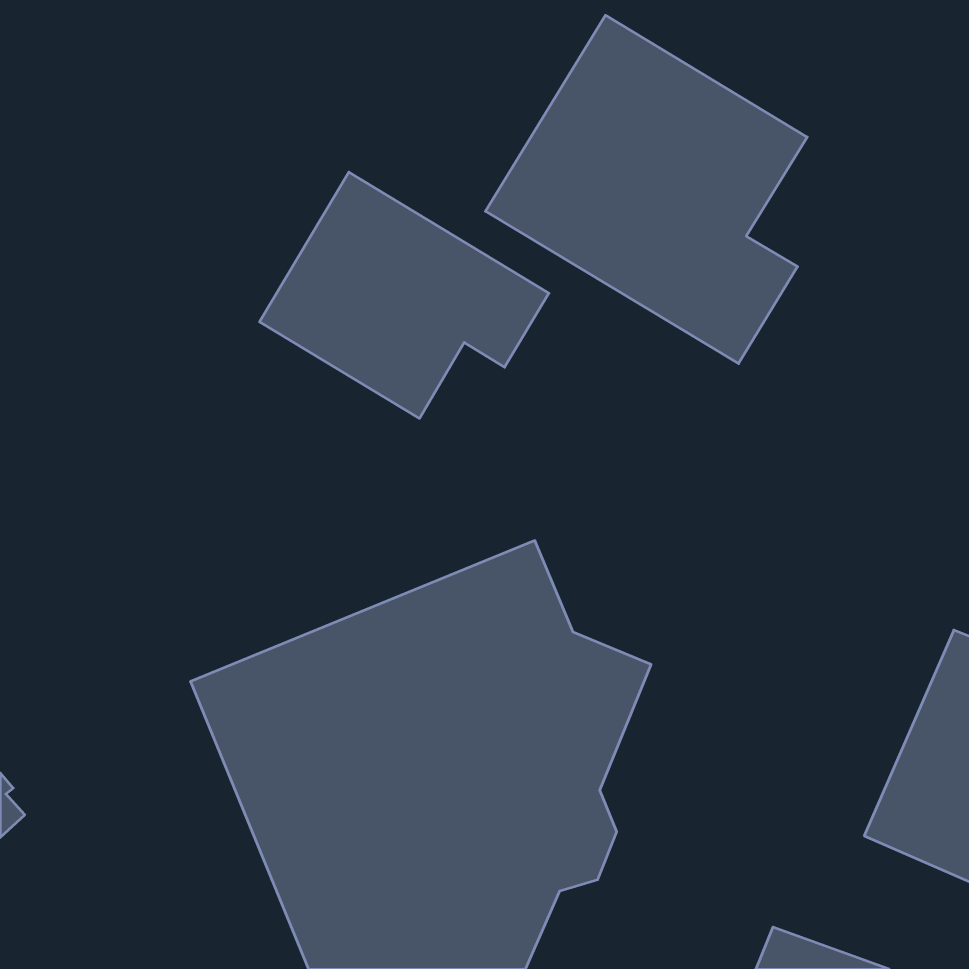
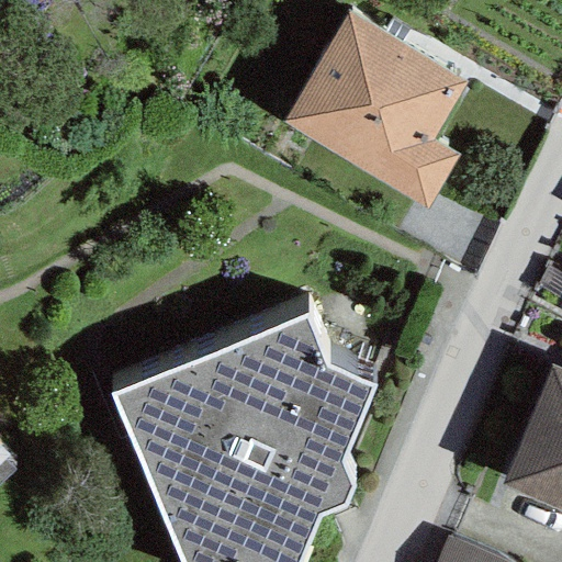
building: [260,172,549,418] -> none

